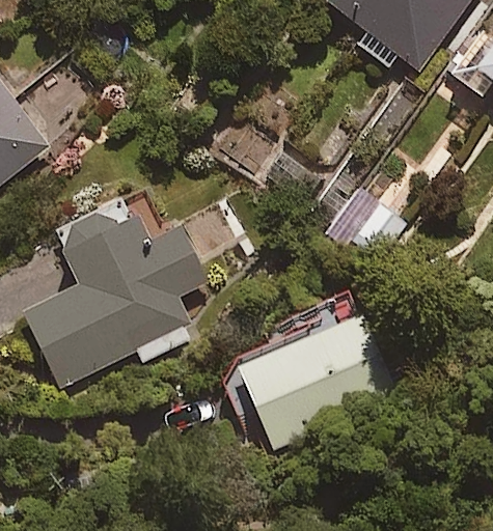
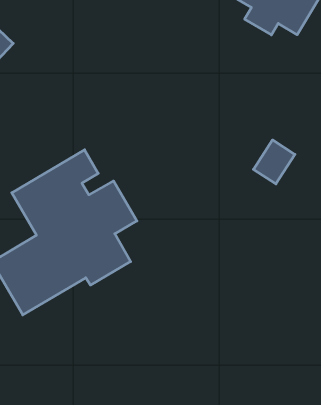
building: [235,309,393,446] -> none

